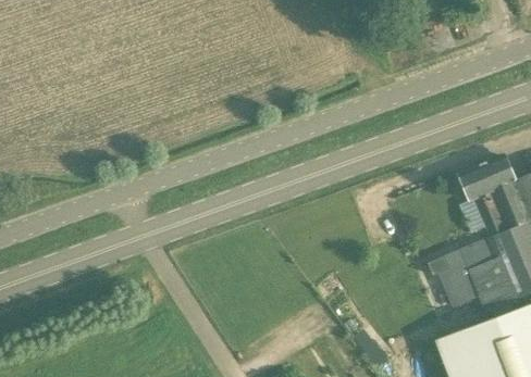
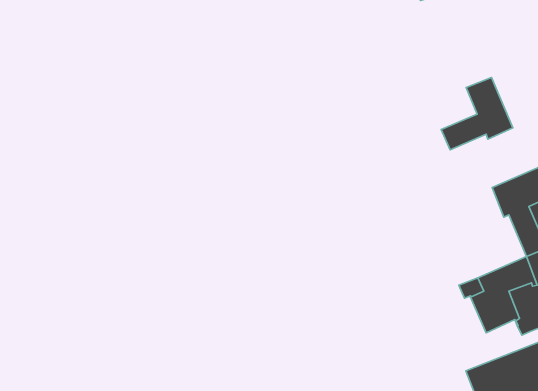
building: none -> [441,77,513,150]

